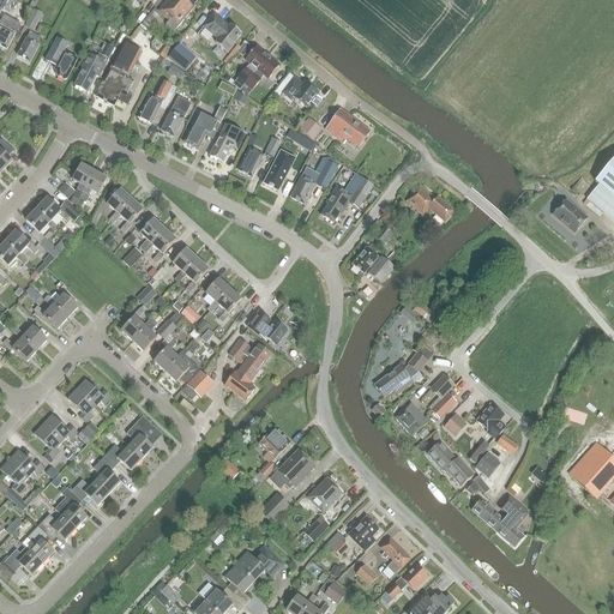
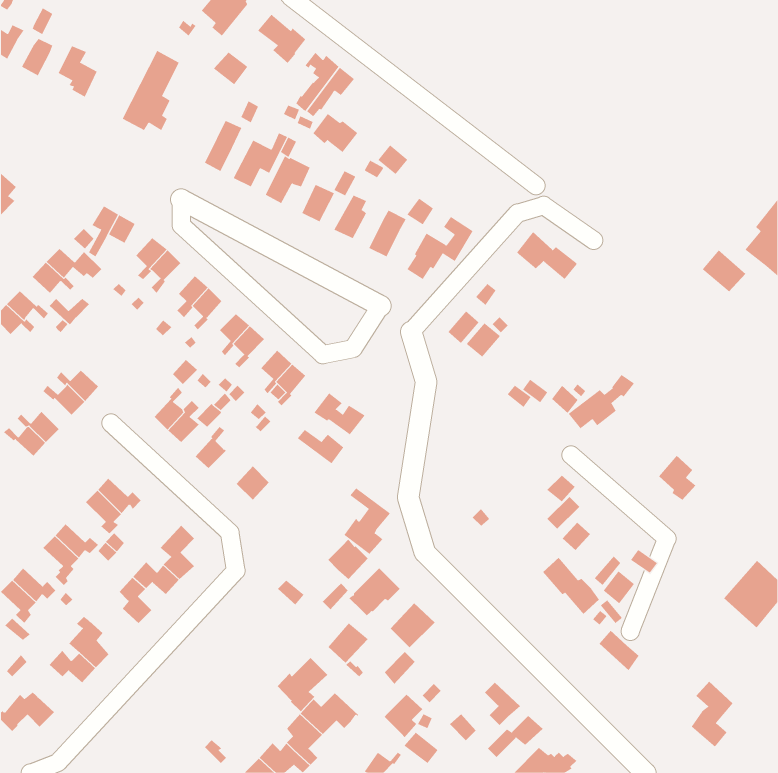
building: [74,41,114,90] -> none
building: [282,74,318,106] -> [312,113,358,153]
building: [137,78,171,122] -> none
building: [325,107,371,145] -> none
building: [164,338,198,380] -> none
building: [224,345,261,398] -> [344,488,391,555]
building: [374,351,427,395] -> [568,374,635,429]
building: [395,401,425,434] -> none
building: [476,401,506,437] -> [658,455,696,501]
building: [71,477,109,504] -> none
building: [495,493,529,546] -> [691,681,733,748]
building: [348,514,379,549] -> [384,694,423,738]
building: none -> [277,657,328,712]
building: [22,524,54,561] -> none

